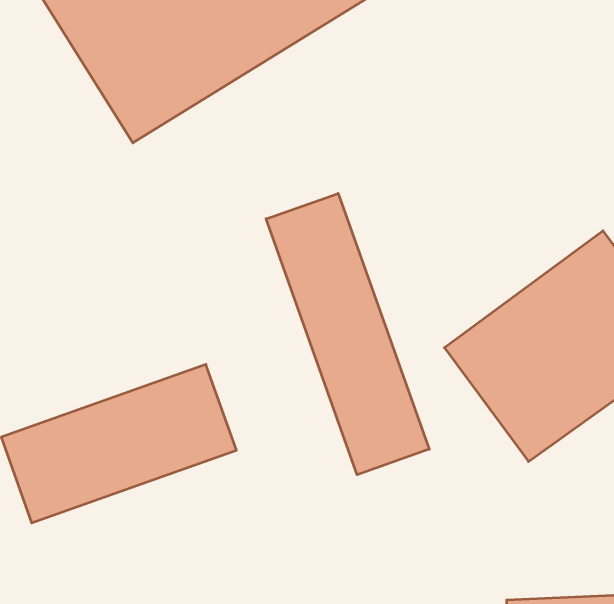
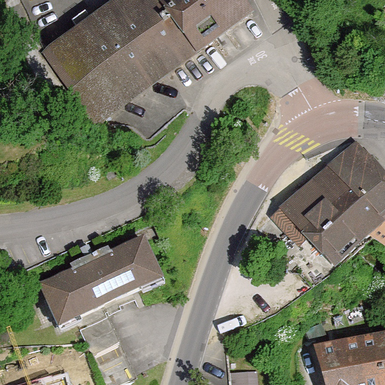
building: [266,193,429,475] -> none

